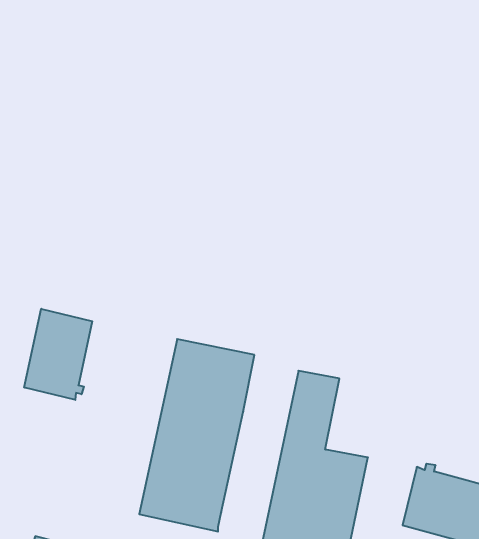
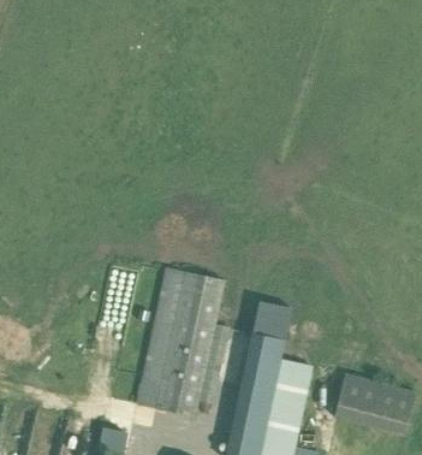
building: [24,309,92,400] -> none

